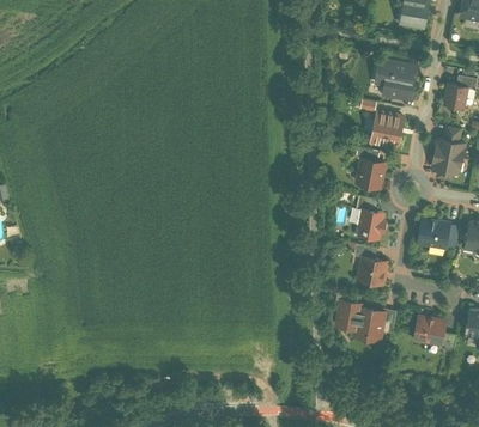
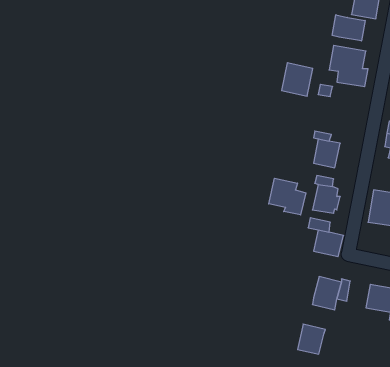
building: none -> [332,15,365,41]
building: [371,112,405,148] -> [282,63,313,96]
building: none -> [269,178,306,215]
building: [334,298,364,330] -> [298,324,325,354]

